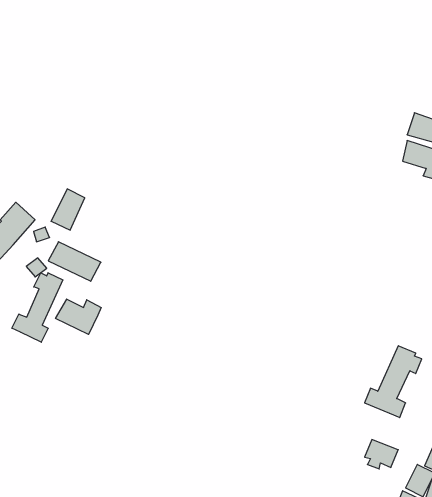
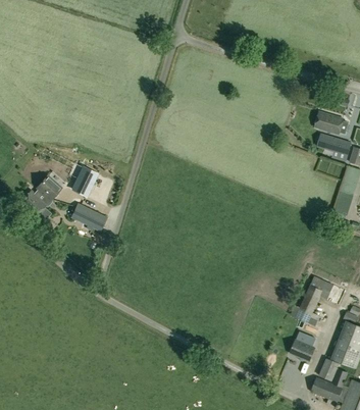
building: [12,273,63,342] -> none
building: [56,299,101,334] -> none

